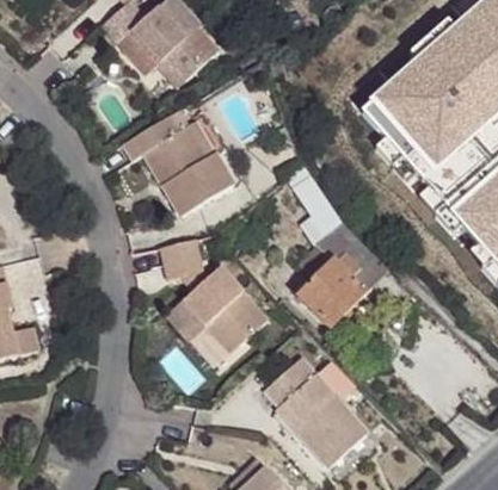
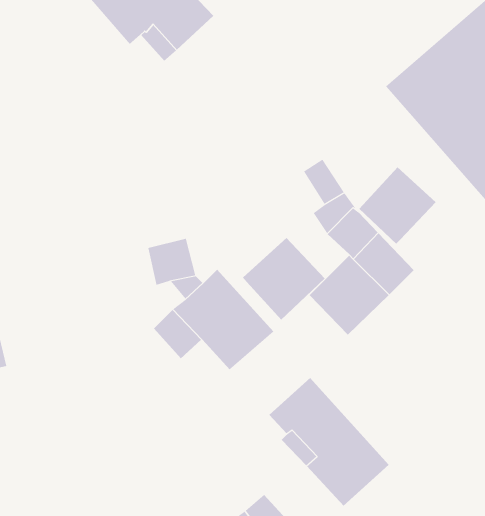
building: [124,116,233,213] -> none
building: none -> [359,167,436,245]
building: none -> [242,237,325,320]

